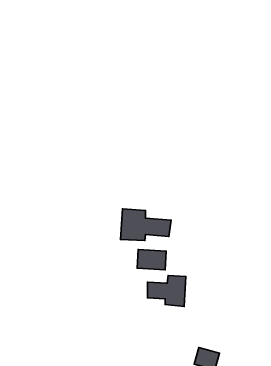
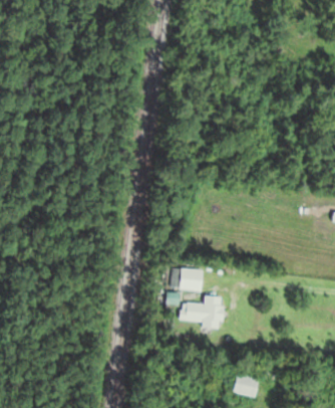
building: [120,209,171,240] -> none

